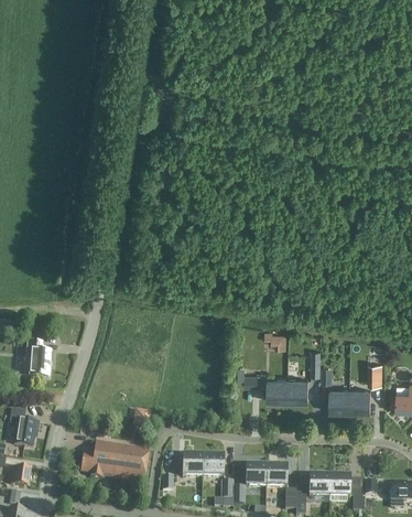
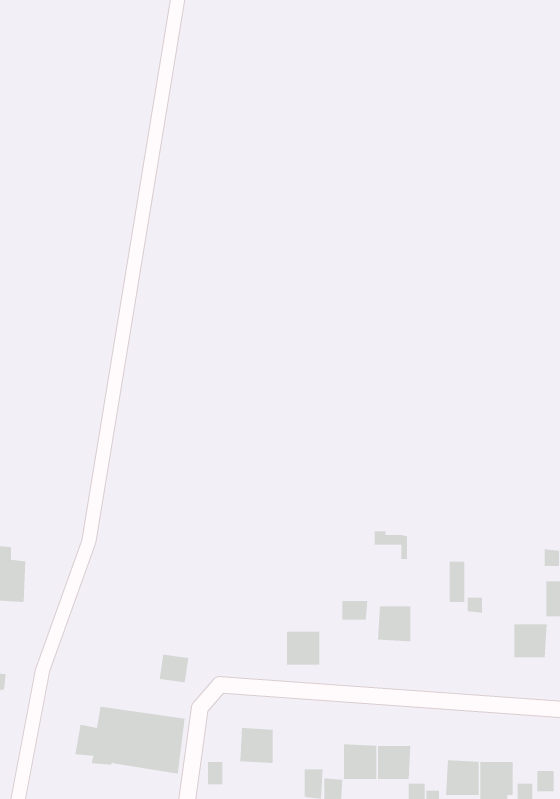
building: [286,378,307,400] -> none
building: [328,388,349,410] -> none
building: [202,454,223,475] -> [286,631,320,665]

